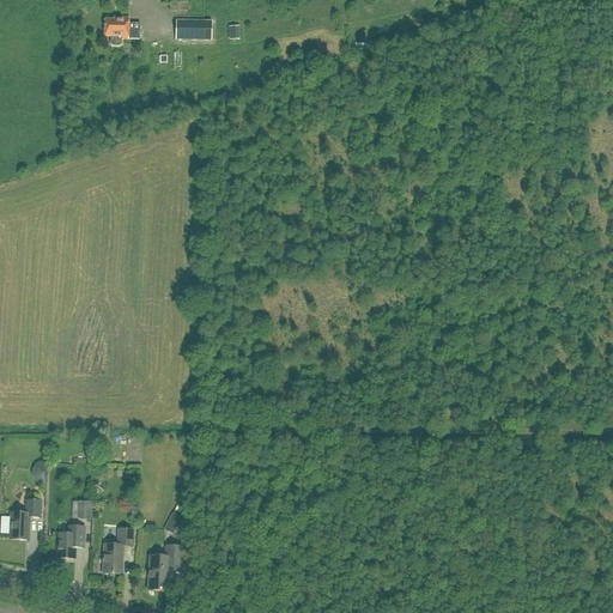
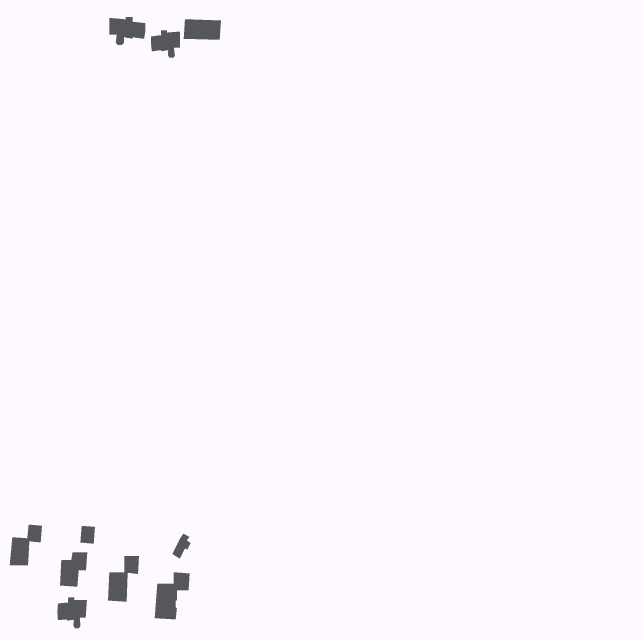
building: none -> [151,29,180,59]
building: none -> [57,596,88,629]

